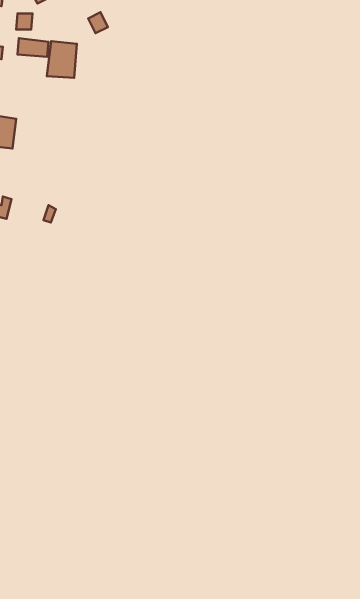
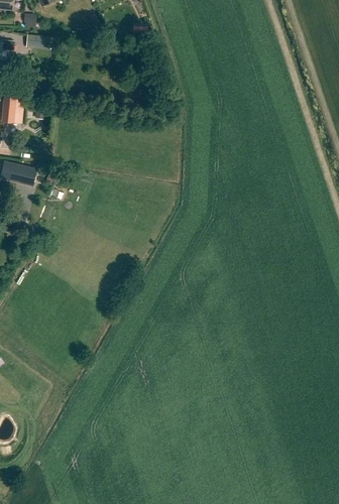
building: [47,41,77,78] -> none

